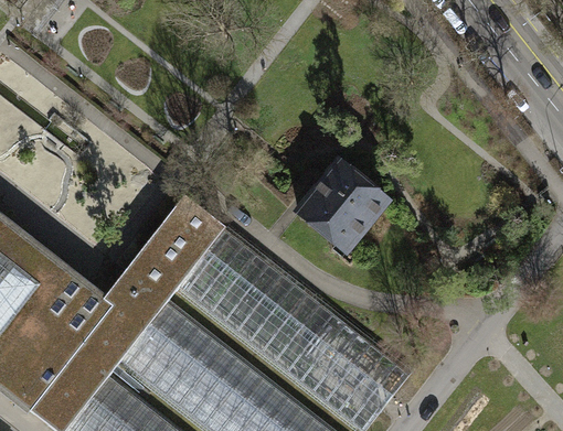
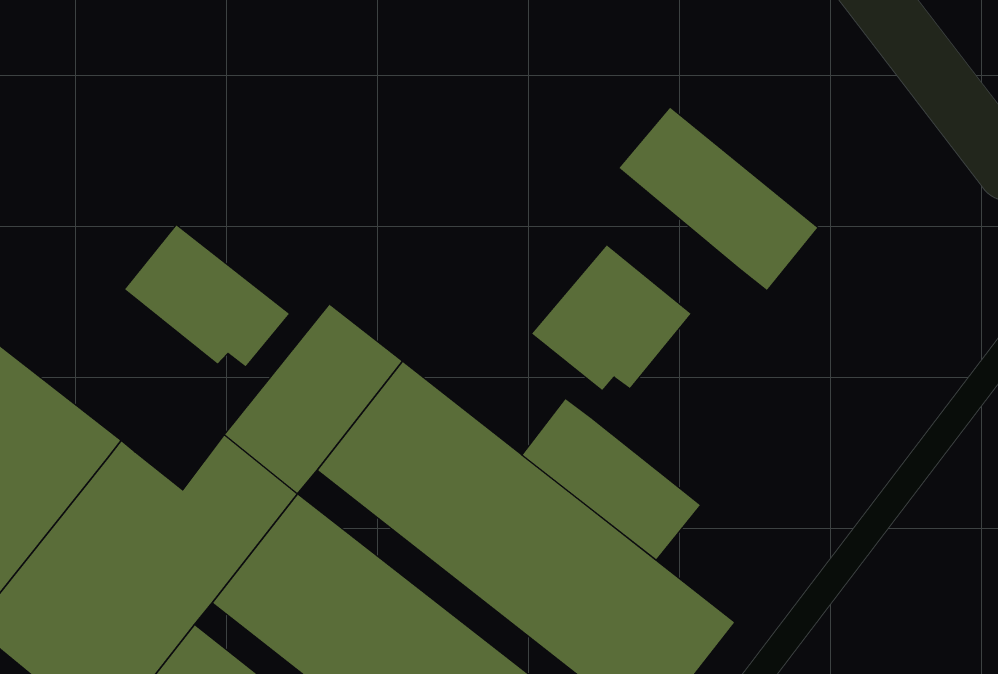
building: none -> [618,107,818,291]
building: none -> [124,224,290,367]
building: none -> [522,398,701,560]

